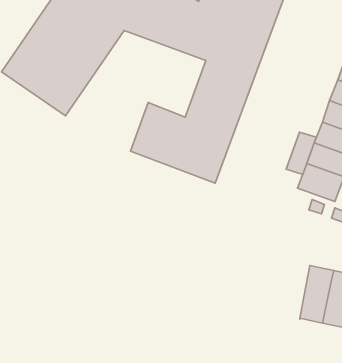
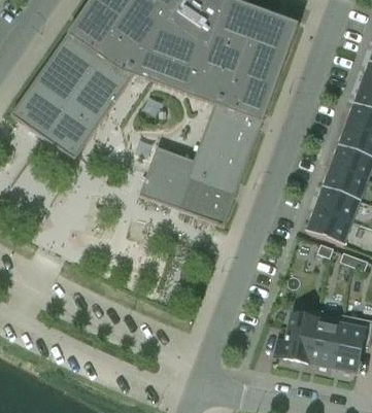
building: [286,132,316,174] -> none
building: none -> [275,303,318,362]

